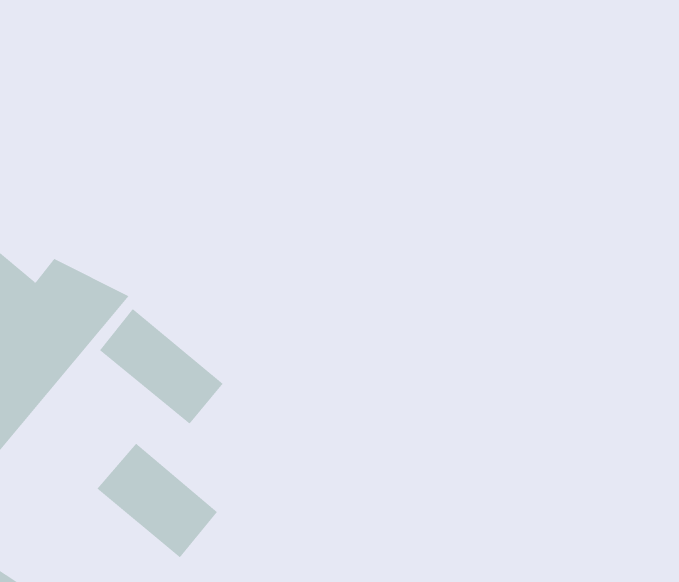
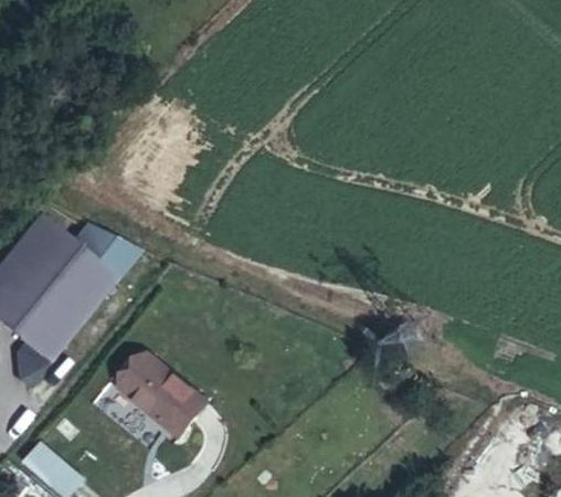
building: [99,308,224,424] -> none

